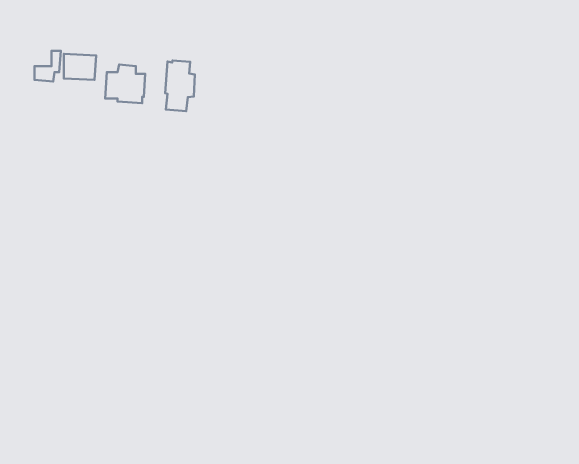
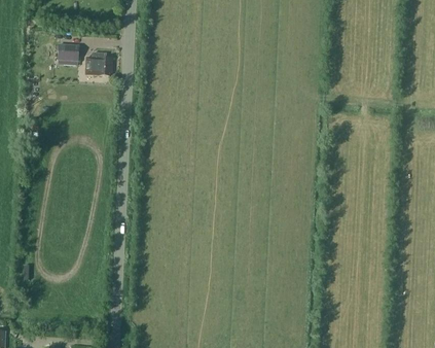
building: [165,60,195,111] -> none

